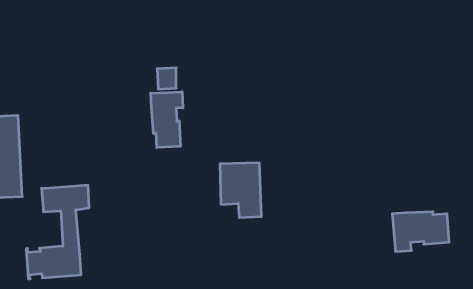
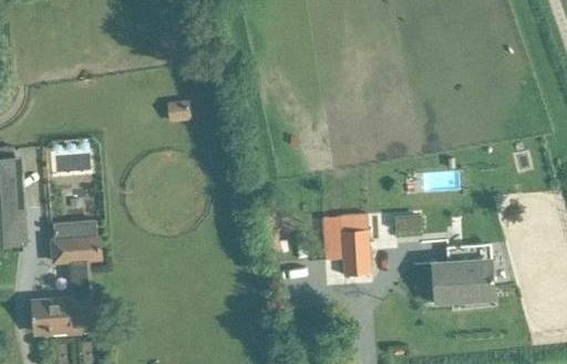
building: [151,92,183,148] -> none
building: [220,163,261,218] -> [321,215,367,274]

